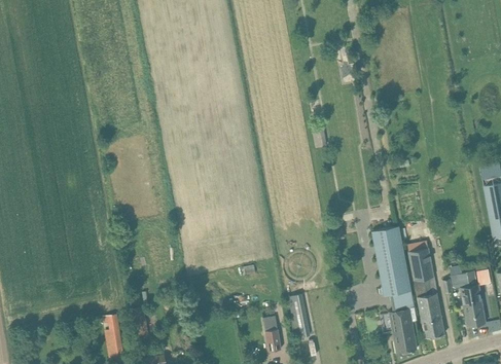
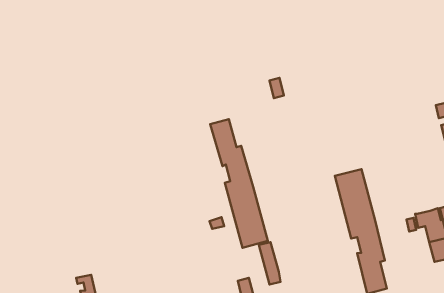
building: none -> [210,119,268,248]
building: [407,241,444,338] -> none

